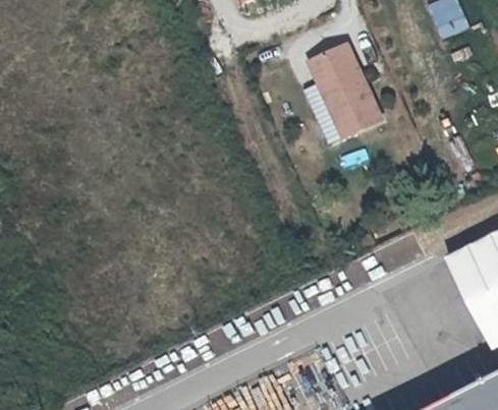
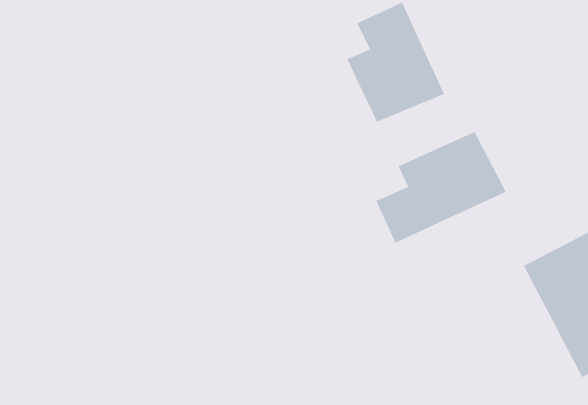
building: none -> [376,131,506,243]

